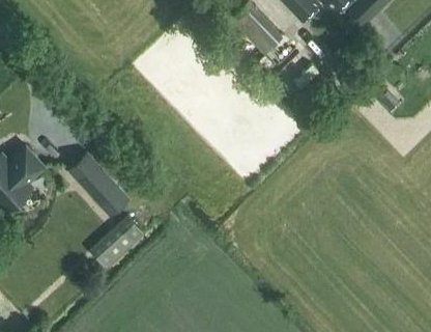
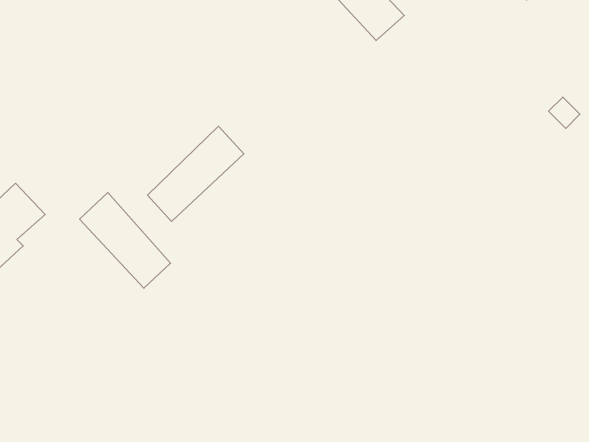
building: none -> [148,126,244,221]
building: [91,215,143,267] -> none

